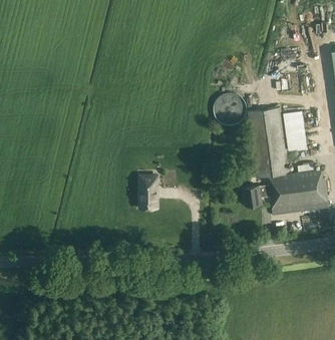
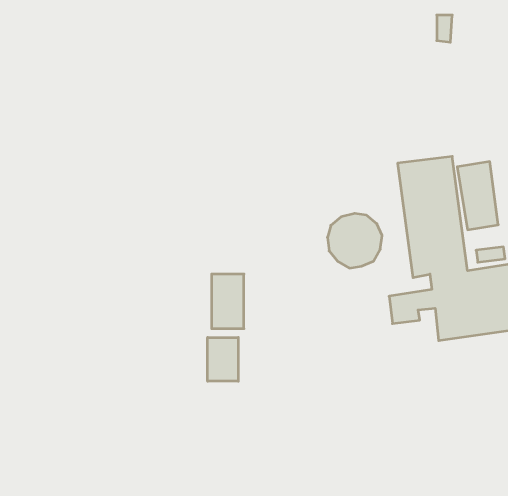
building: [212,94,244,126] -> [327,213,382,268]
building: none -> [208,337,238,381]

